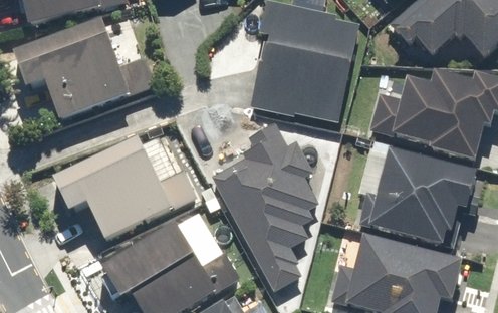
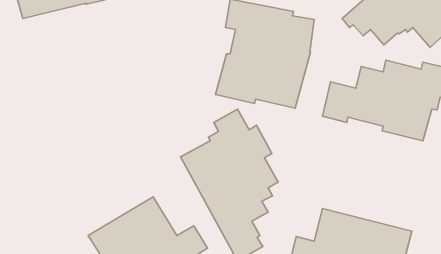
building: [16,17,152,117] -> none
building: [55,134,194,239] -> none
building: [354,146,478,243] -> none

